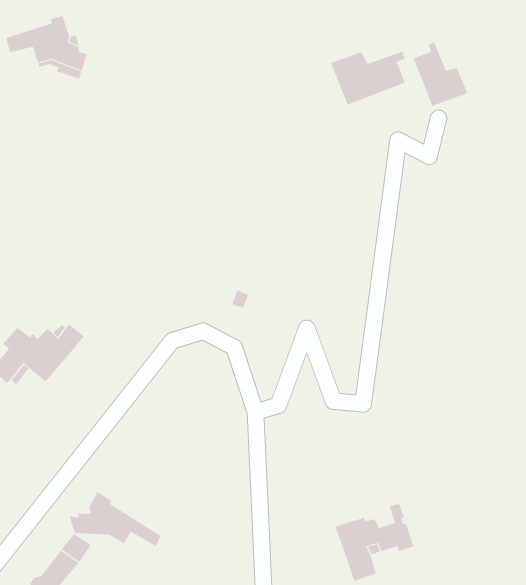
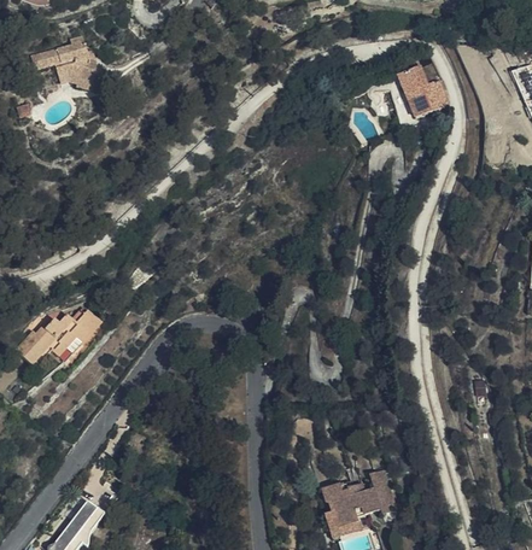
building: [330,51,406,105] -> none
building: [69,491,161,547] -> none

